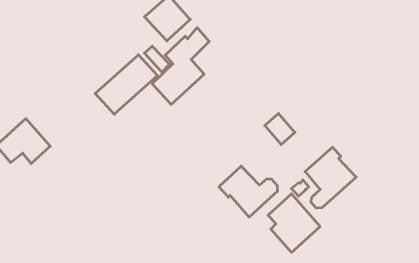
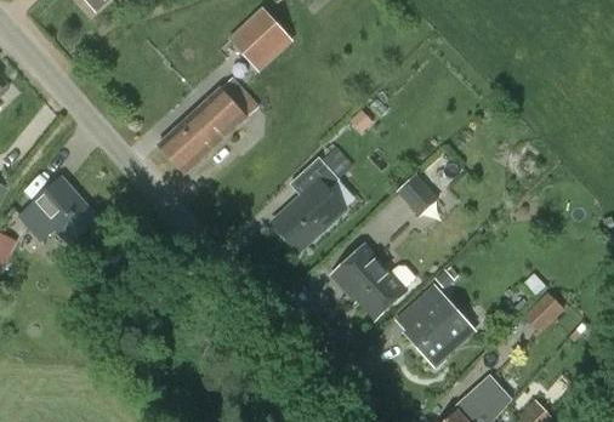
building: [152,28,209,104] -> [272,144,352,252]
building: [305,147,356,208] -> none
building: none -> [522,291,561,330]

